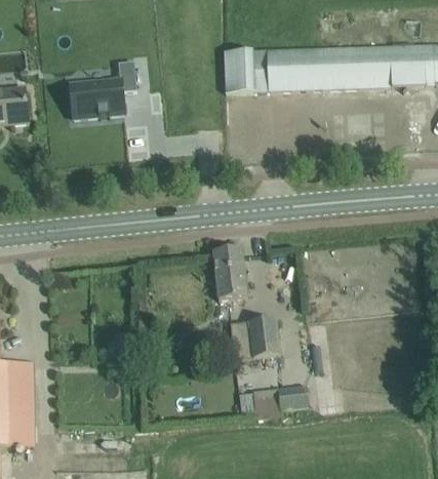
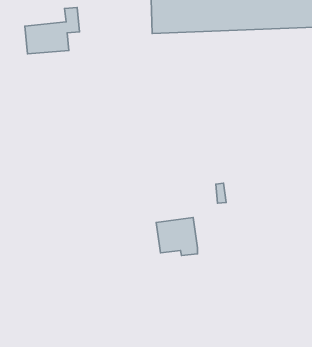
building: [212,247,247,300] -> none
building: [253,384,310,417] -> none

